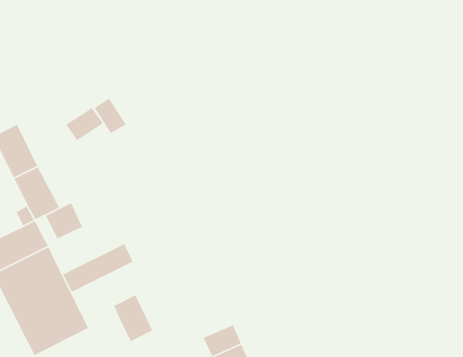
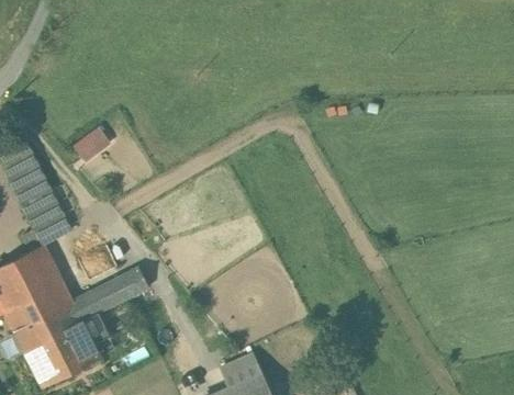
building: [94,97,127,134] -> none
building: [45,202,83,240] -> none
building: [113,294,153,342] -> none

